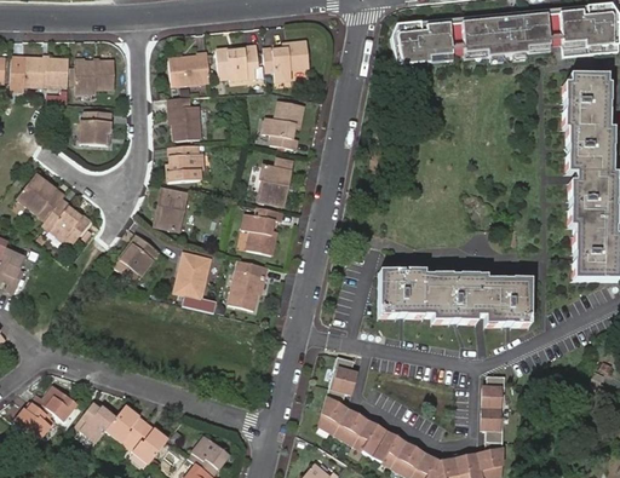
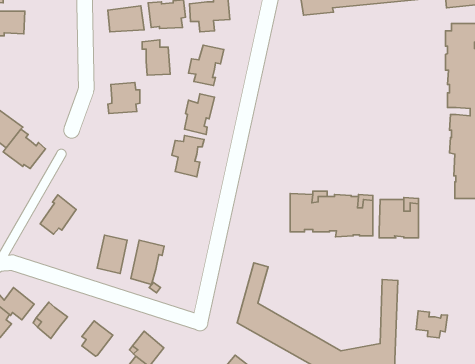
building: [76,62,115,93] -> none
building: [168,98,201,139] -> [142,40,170,75]
building: [81,113,111,146] -> none
building: [160,188,189,231] -> none
building: [117,235,160,281] -> [40,195,76,234]
building: [174,253,209,298] -> [97,235,127,273]
building: [229,259,268,311] -> [131,240,164,285]
building: [109,405,150,444] -> none
building: none -> [416,311,447,338]

